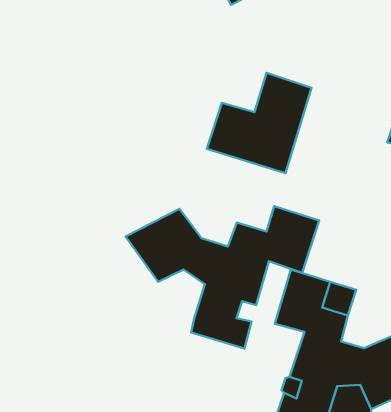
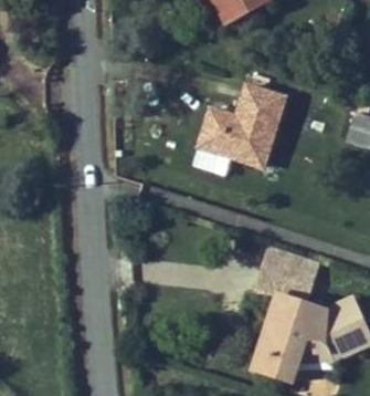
building: [126,206,319,348] -> none

